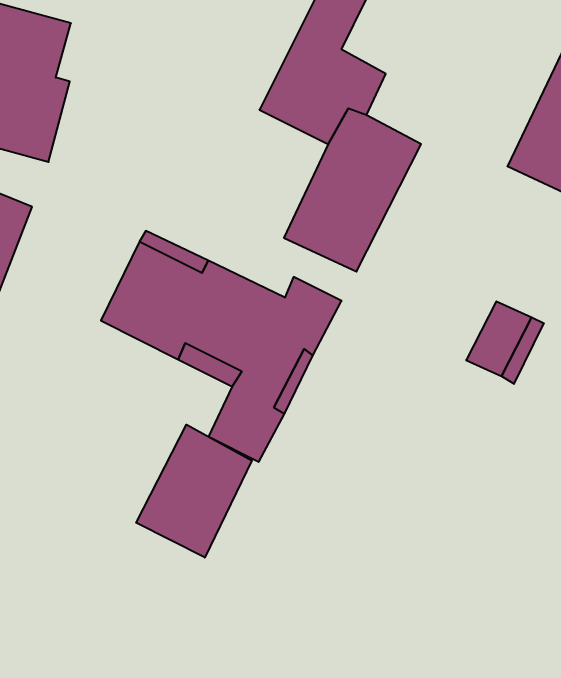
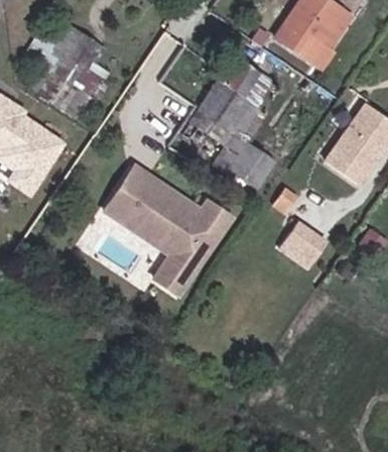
building: [136,425,252,558] -> none

